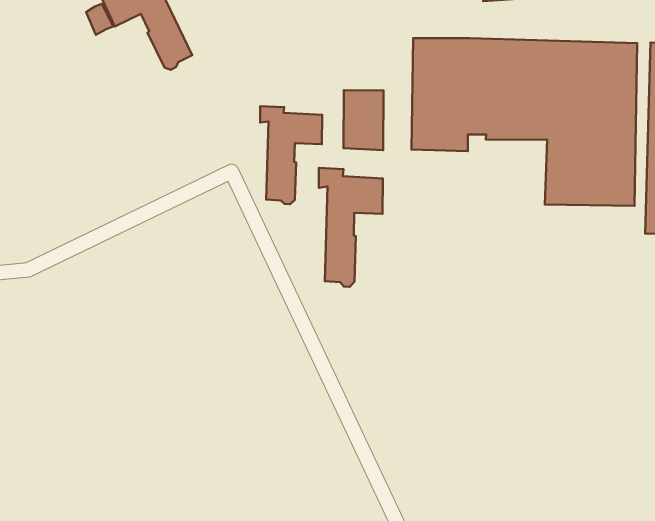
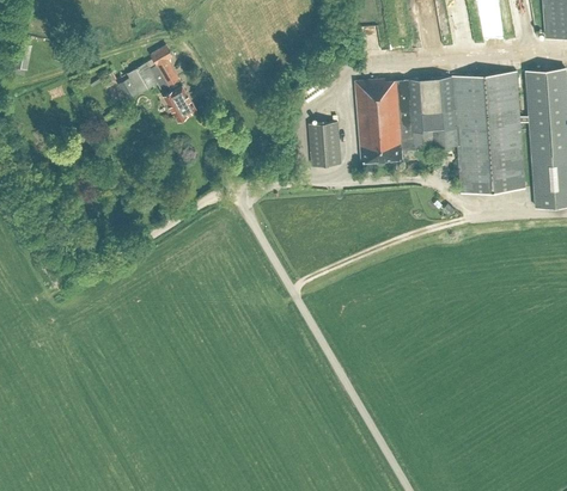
building: [260,106,322,204] -> none
building: [319,168,383,287] -> none

